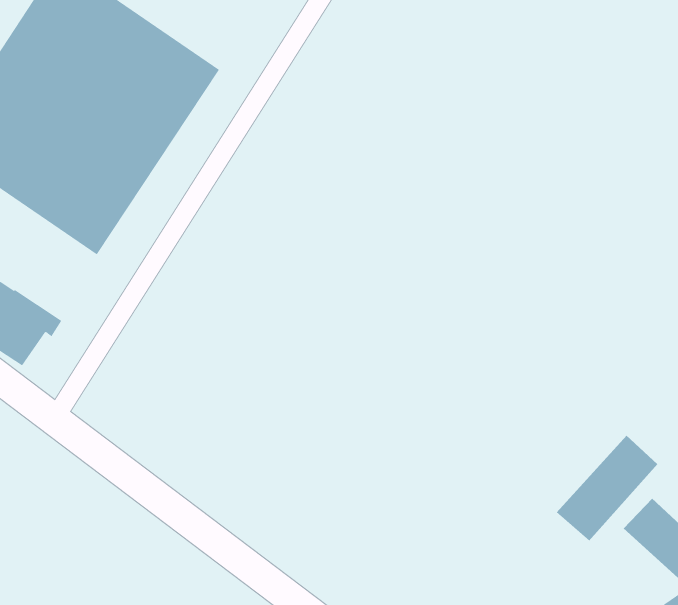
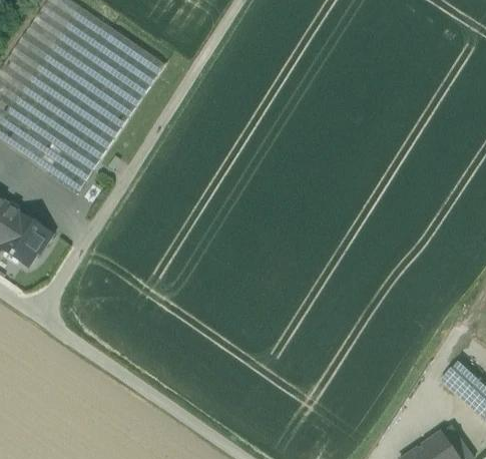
building: [556,435,658,541] -> none

